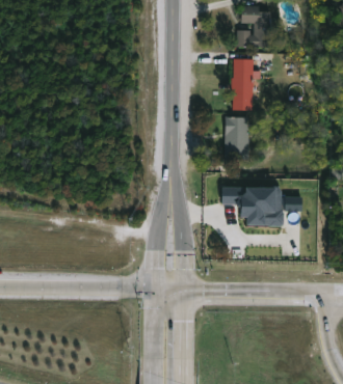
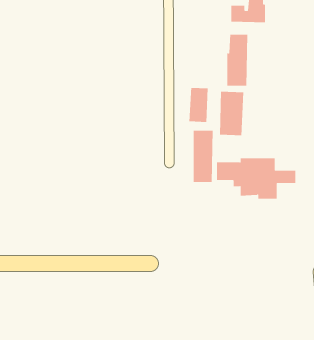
building: none -> [189,87,208,123]
building: none -> [193,130,213,183]

